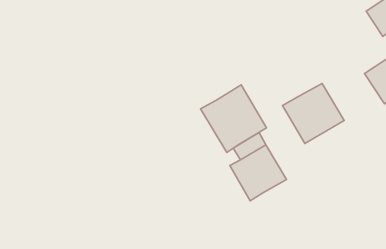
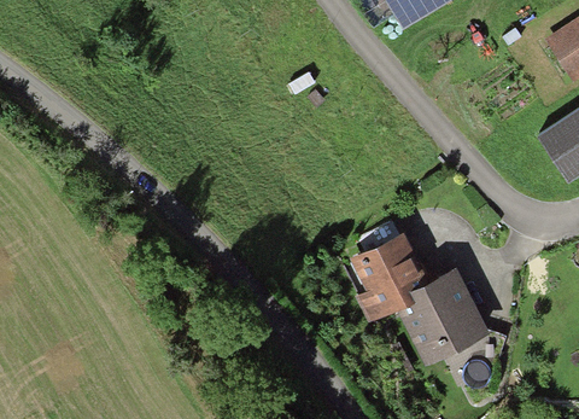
building: [283,83,344,143] -> [397,275,487,363]
building: [201,85,266,152] -> none

